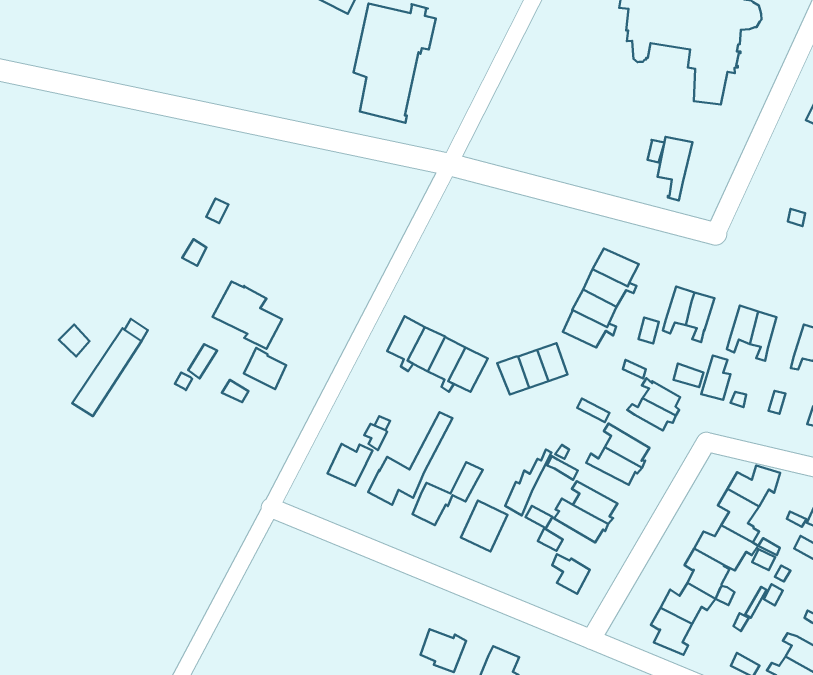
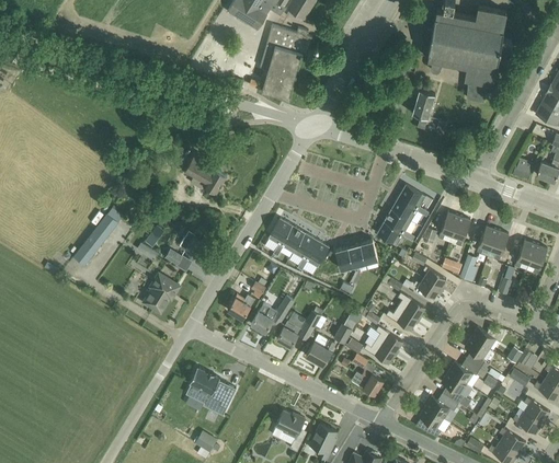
building: [657,137,693,200] -> [412,90,435,129]
building: [212,281,282,349] -> [184,151,227,194]
building: none -> [144,273,180,313]
building: none -> [187,368,237,416]

